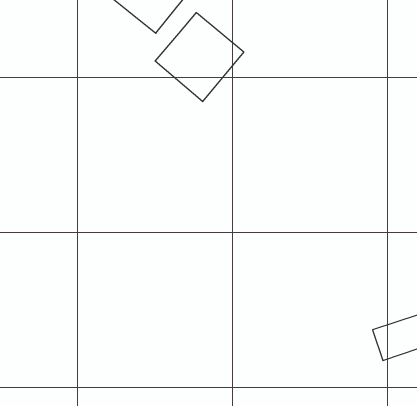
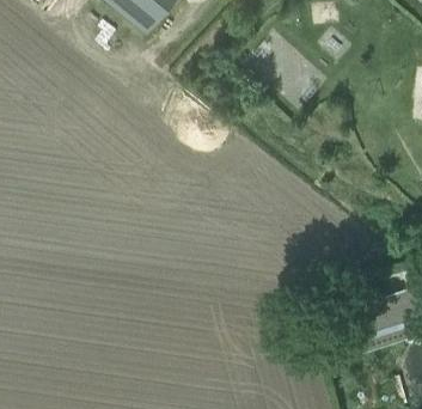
building: [155,13,244,102] -> none

